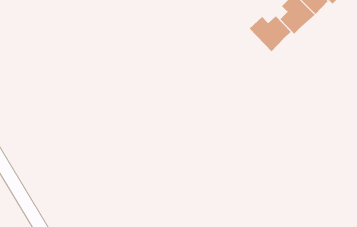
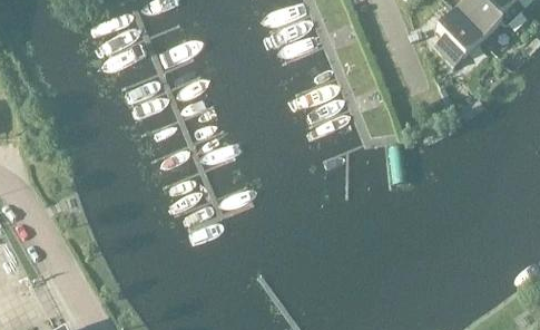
building: [249,16,292,52] -> none

